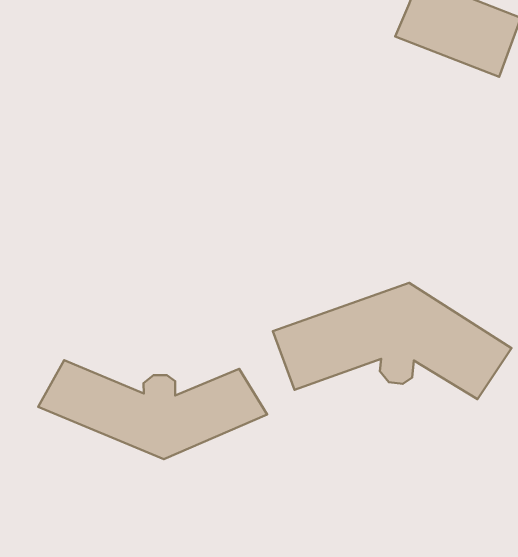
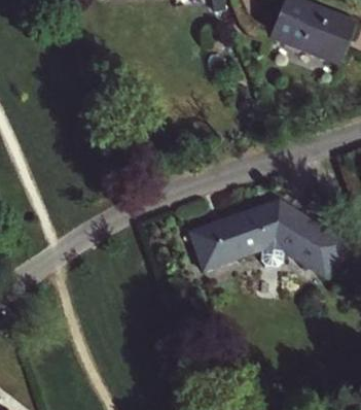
building: [38,360,267,459] -> none

